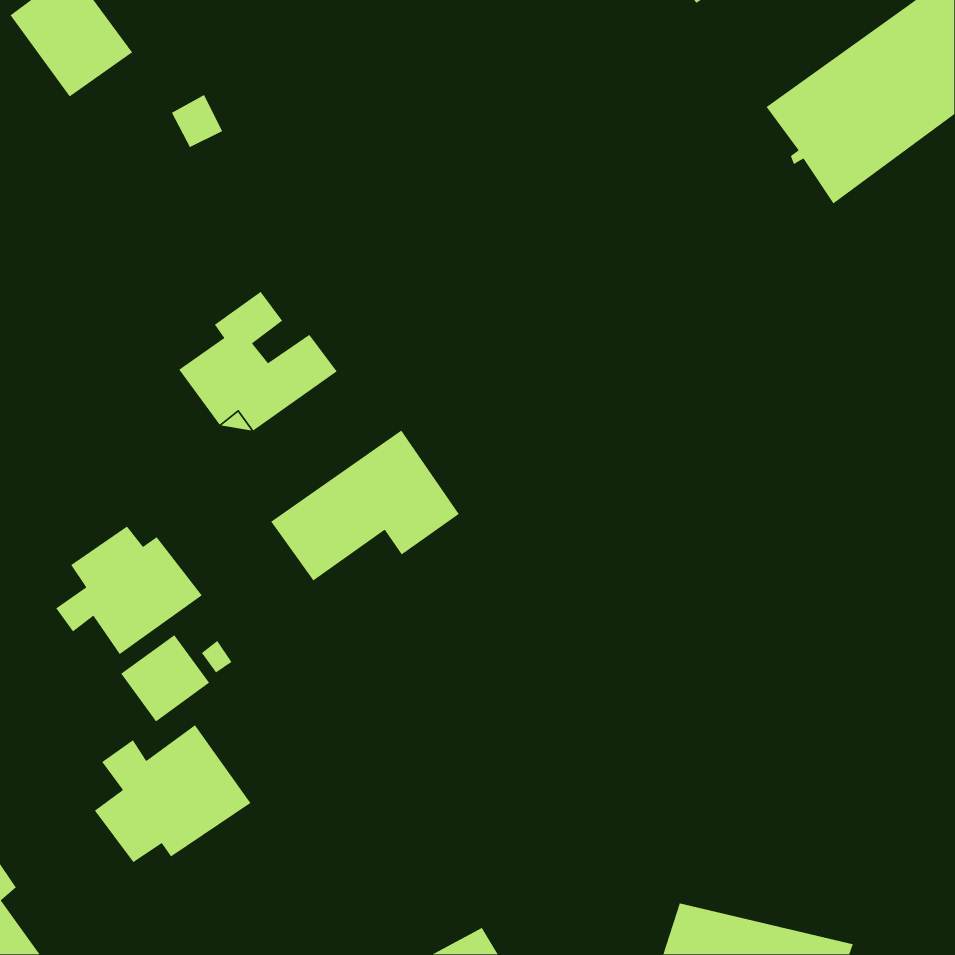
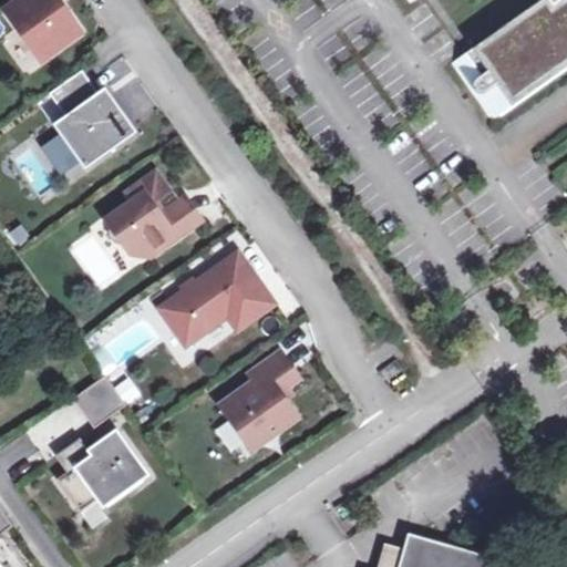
building: none -> [37,69,135,176]
building: [55,525,203,655] -> none
building: none -> [220,352,296,447]

